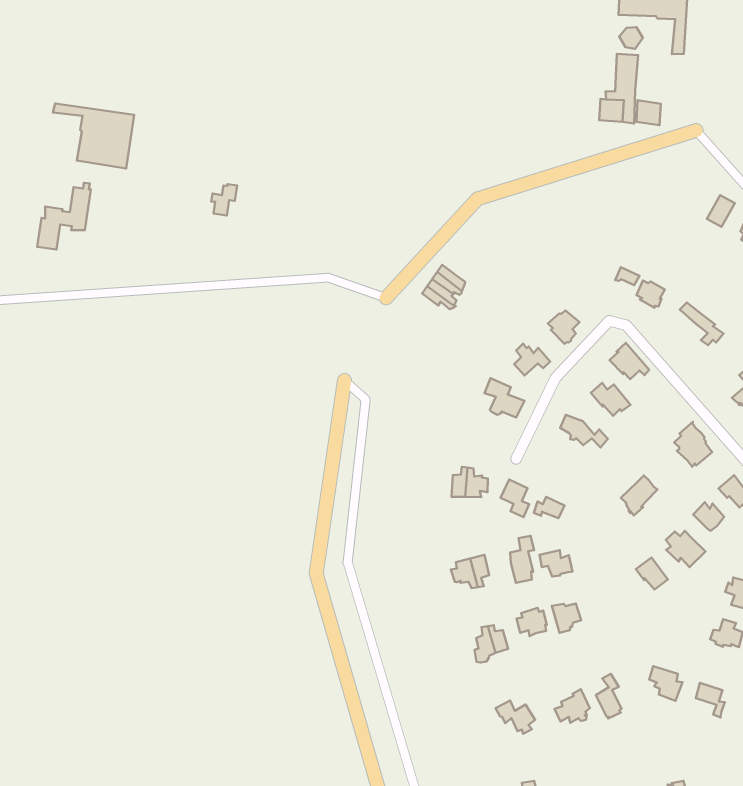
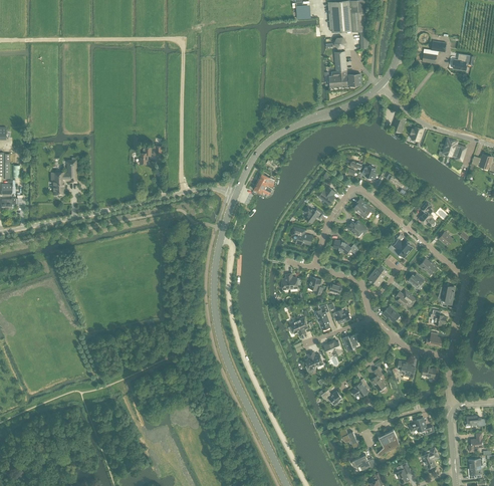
building: [53,103,134,168] -> none

